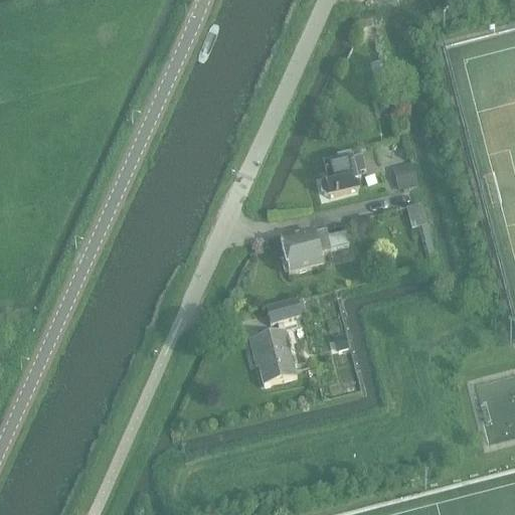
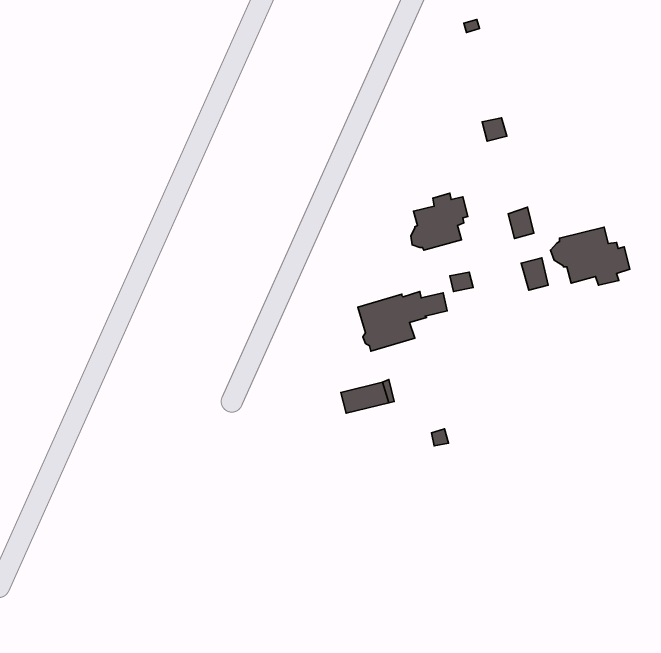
building: none -> [550,227,630,285]
building: [249,328,297,382] -> none

